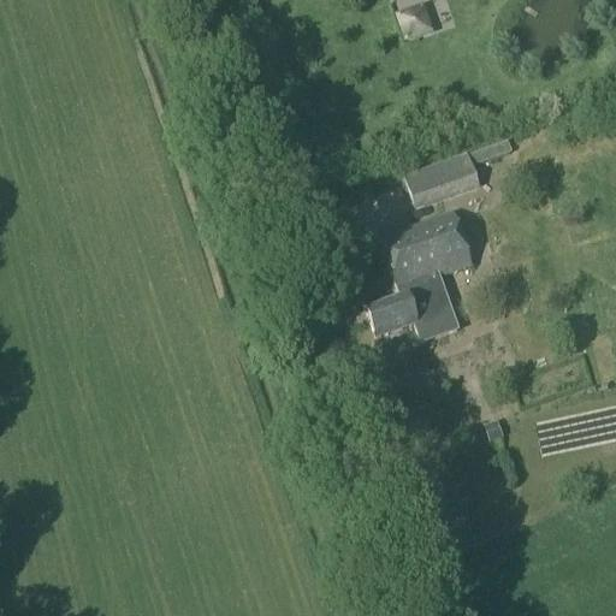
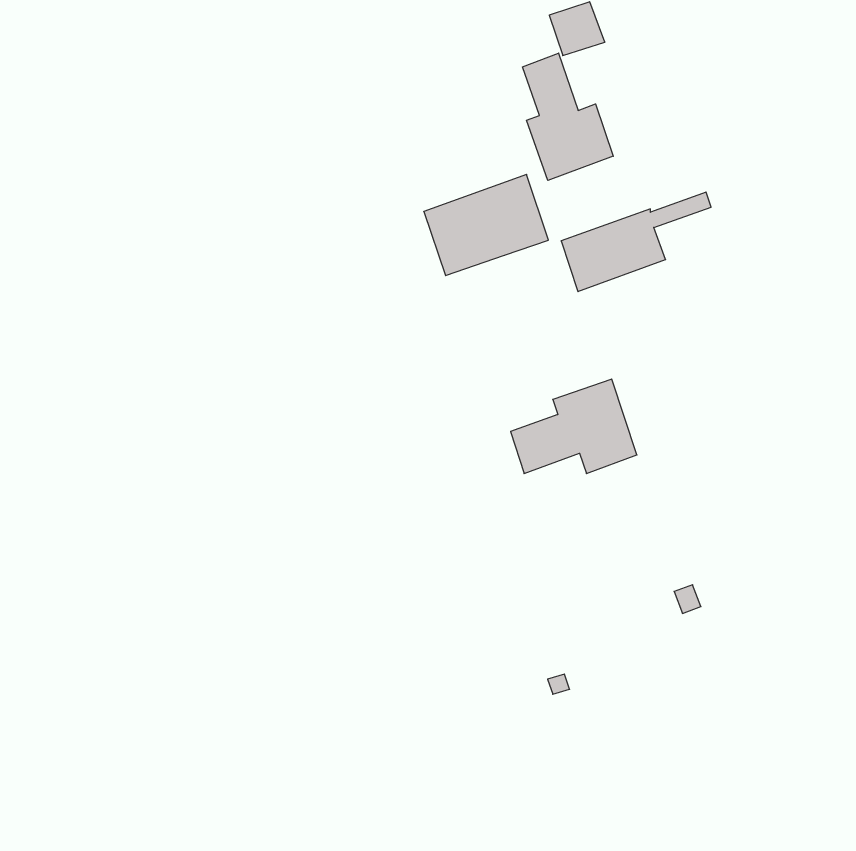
building: none -> [523,53,613,180]
building: [383,213,472,285] -> [424,174,548,276]

